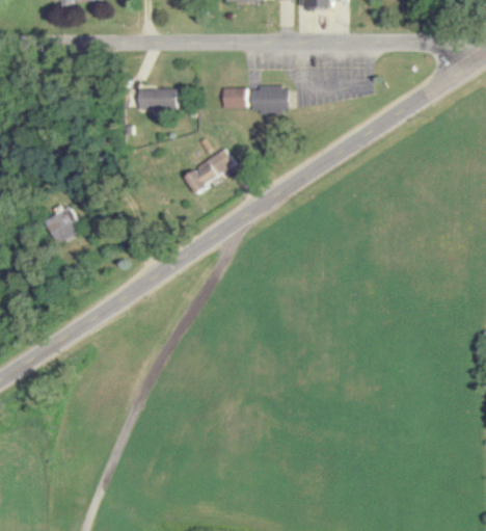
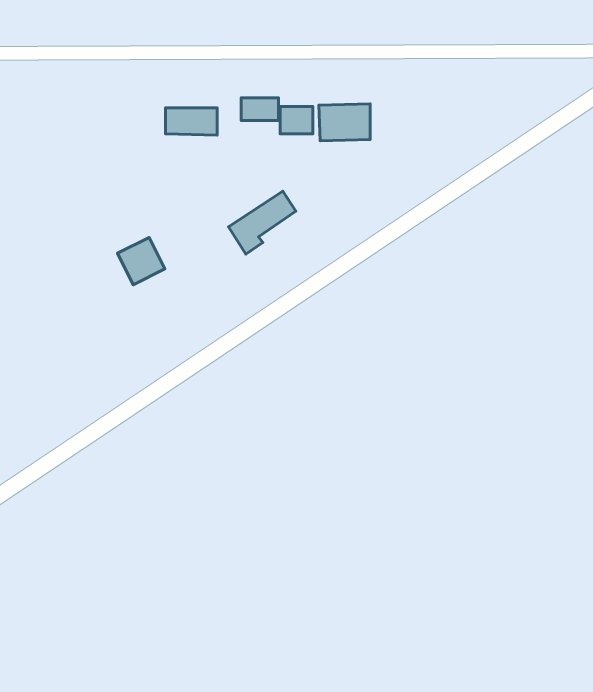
building: none -> [241,98,278,121]
building: [48,207,82,241] -> [118,237,165,285]

